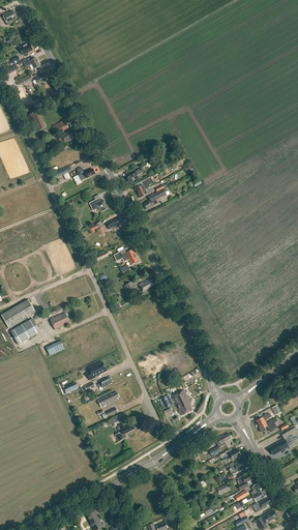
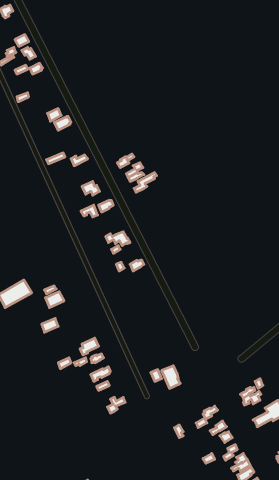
building: [10,318,40,344] -> none

